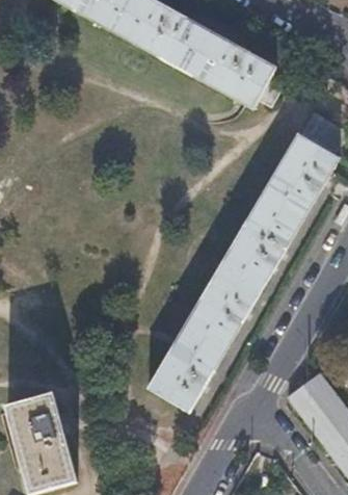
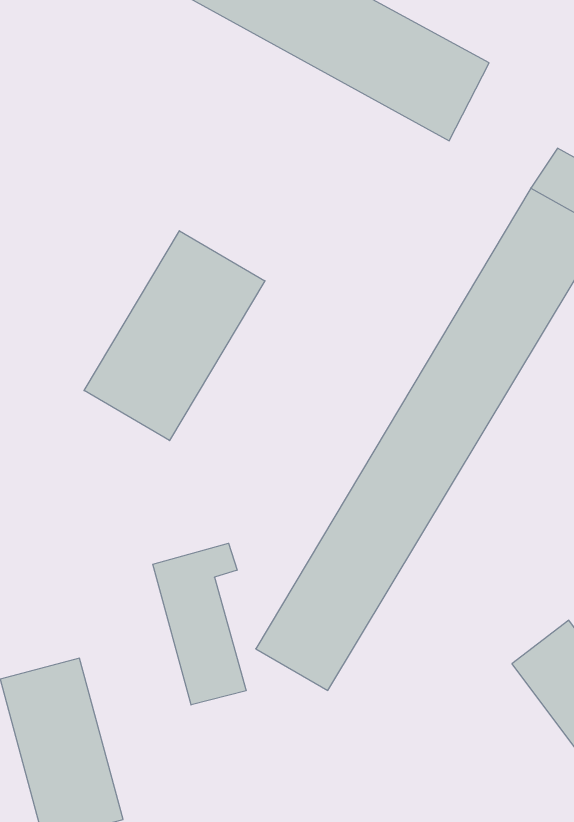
building: none -> [84,231,265,441]
building: none -> [153,543,246,705]

